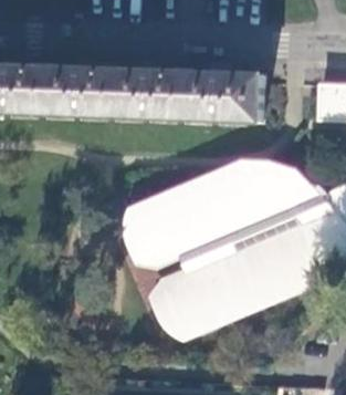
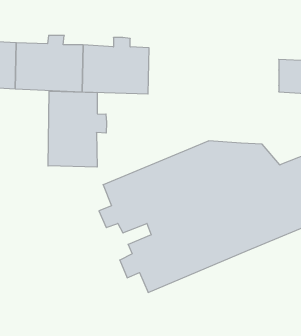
building: [178,62,262,123] -> none
building: none -> [48,91,107,167]

